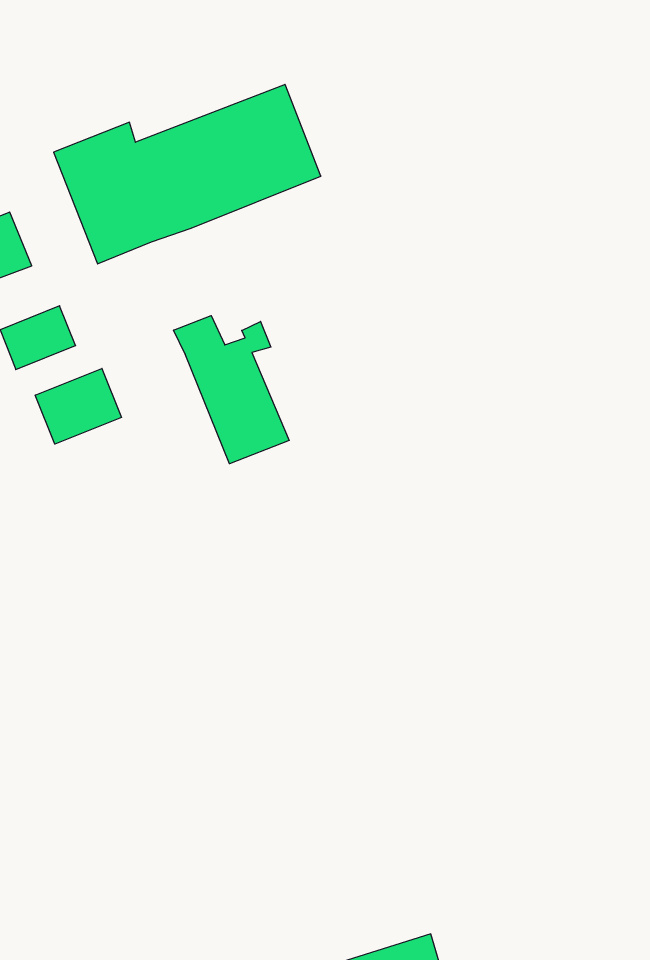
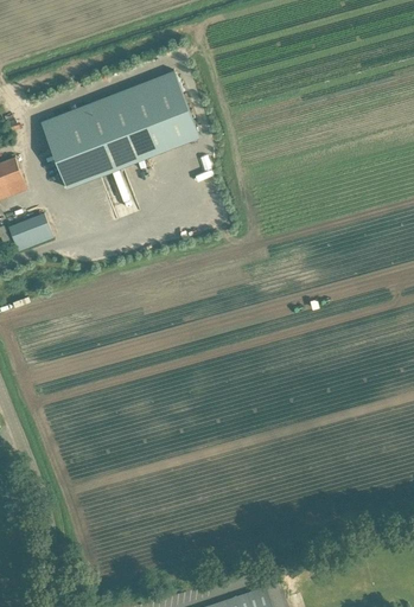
building: [174,316,289,464] -> none
building: [35,368,121,444] -> none

